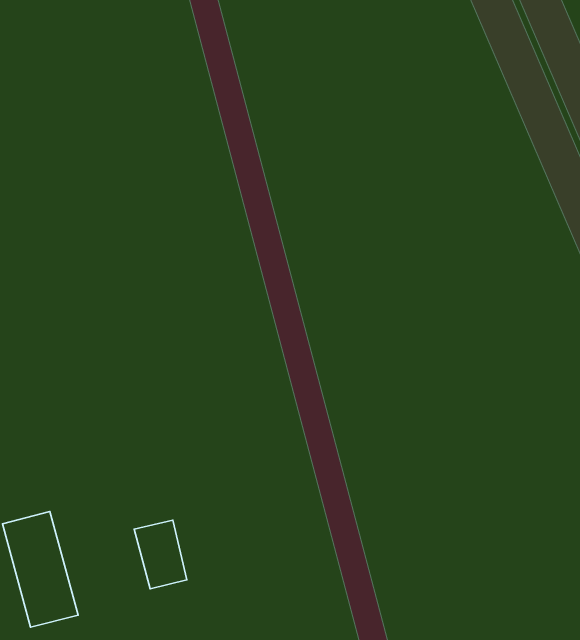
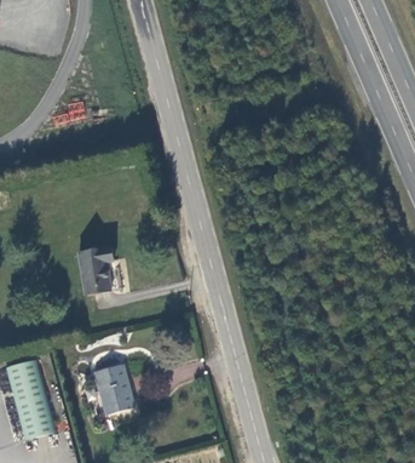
building: none -> [79,246,114,293]

